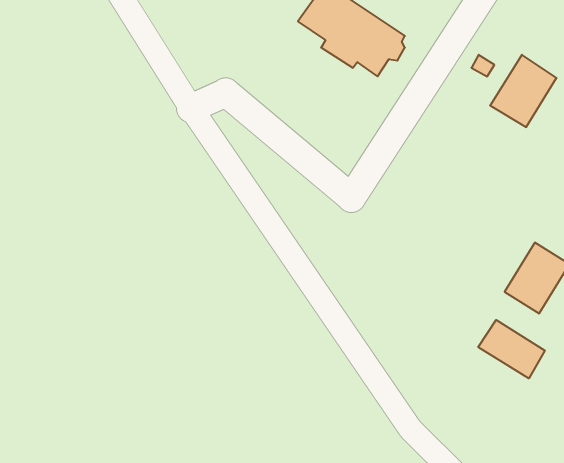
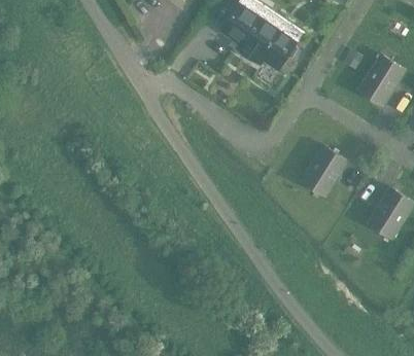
building: none -> [301,145,347,195]
building: [478,320,545,378] -> none

